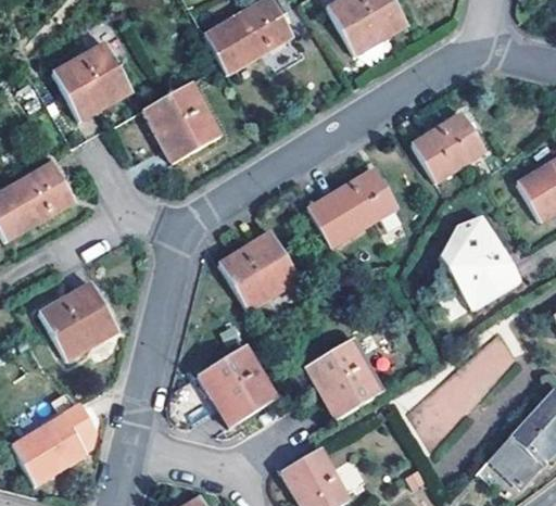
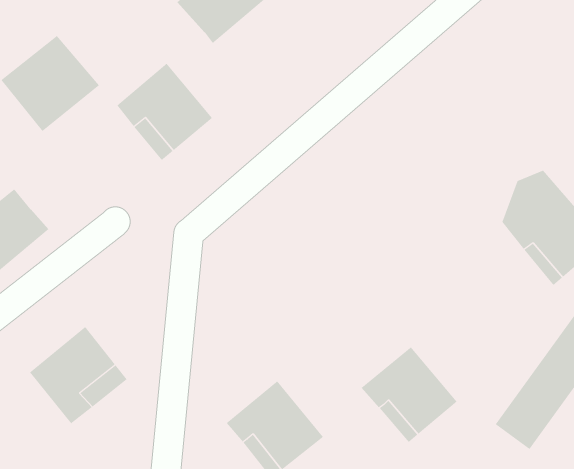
building: [415,112,486,179] -> none
building: [311,168,403,244] -> none
building: [220,230,300,308] -> none

